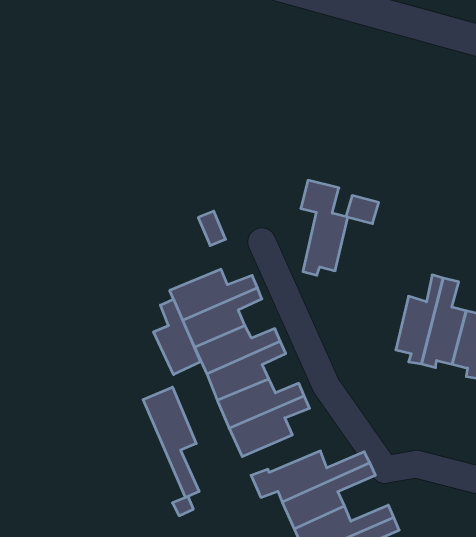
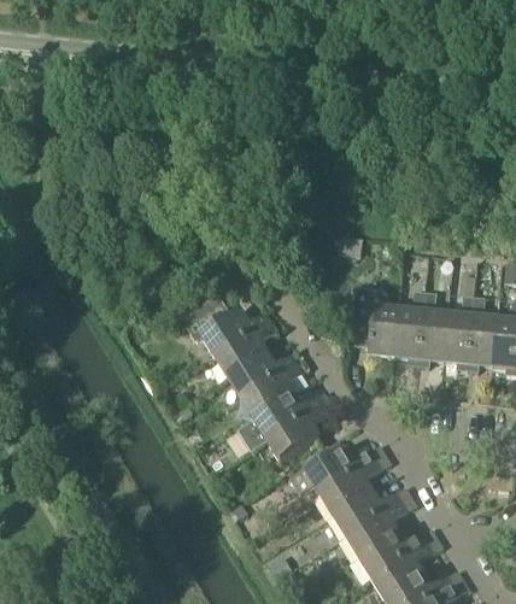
building: [301,180,348,275] -> [358,285,398,362]
building: [154,299,200,375] -> none
building: [143,387,199,498] -> none

